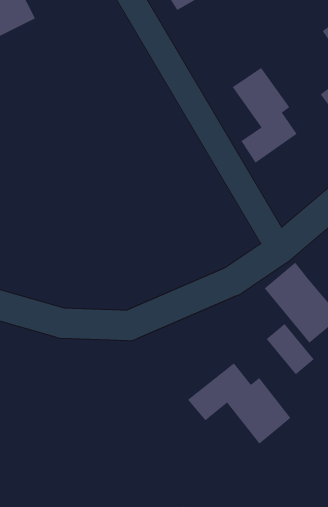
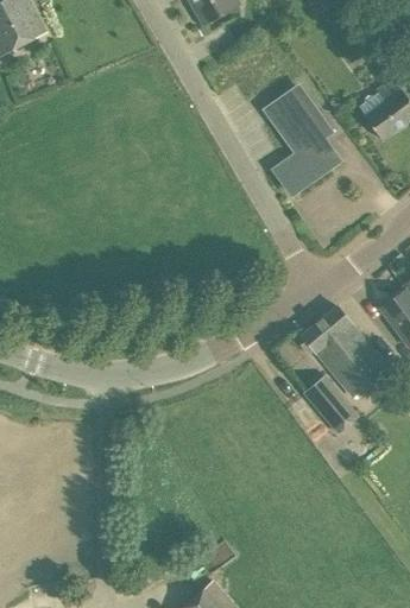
building: [187,362,291,444] -> none

